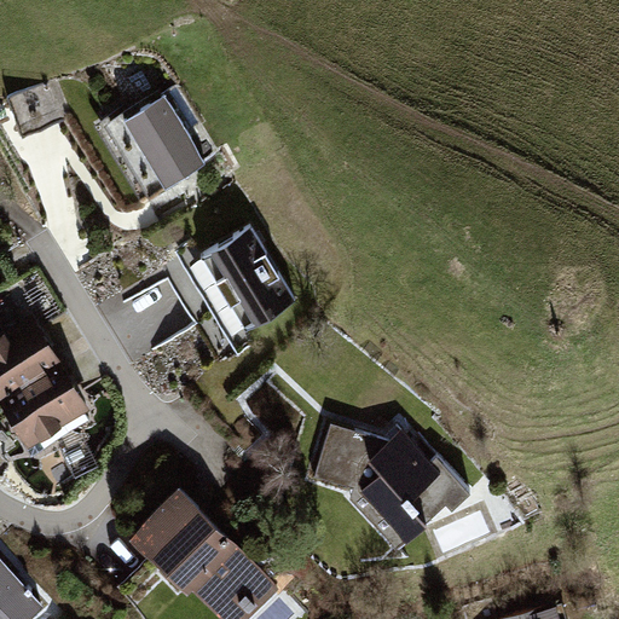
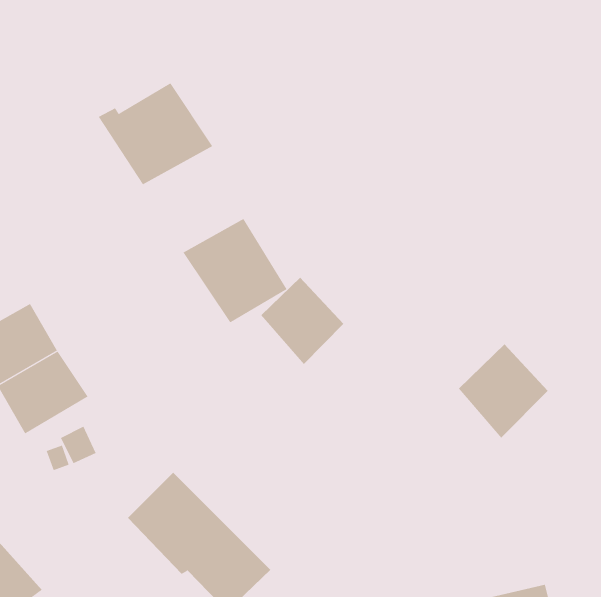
building: none -> [261,277,344,365]
building: none -> [458,344,549,439]
building: [313,420,470,554] -> none

